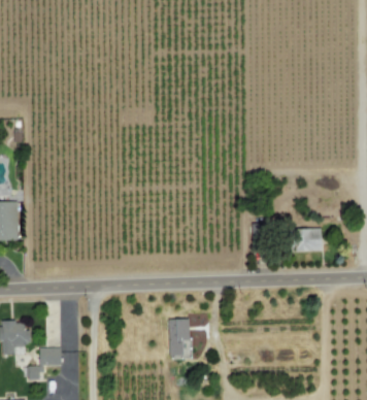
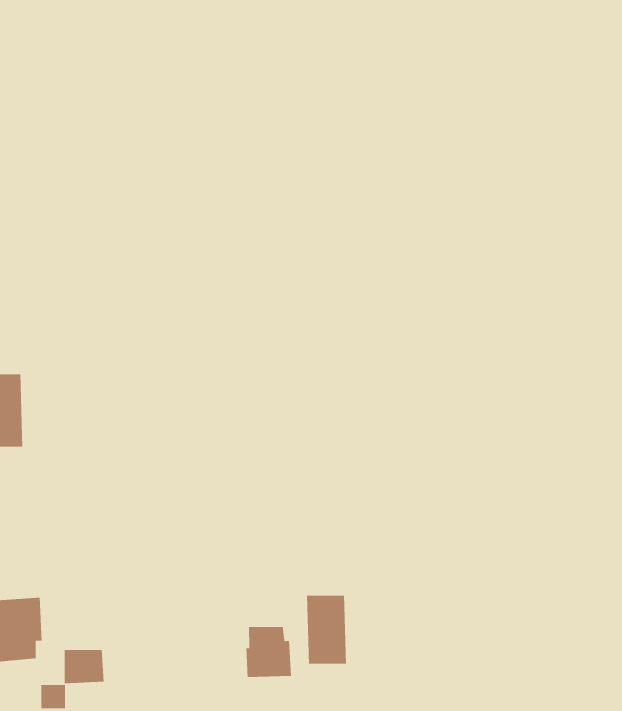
building: [291,227,322,251] -> none
building: none -> [245,626,292,678]

